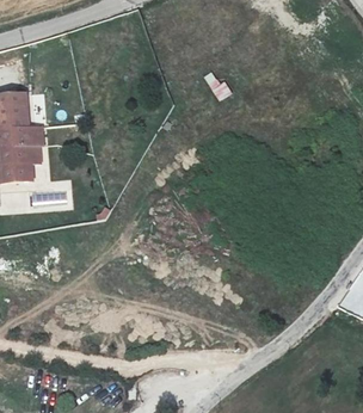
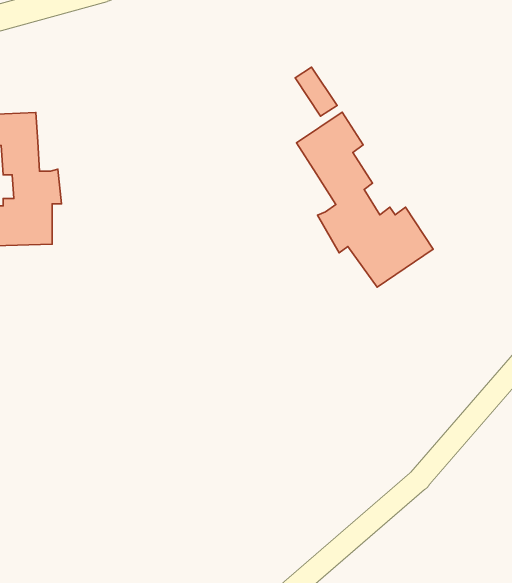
building: none -> [296,112,433,287]

